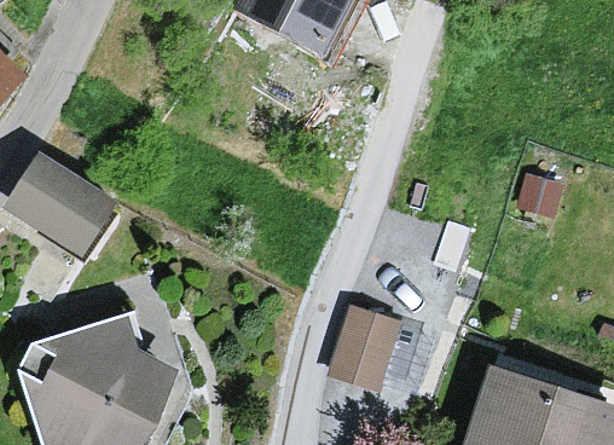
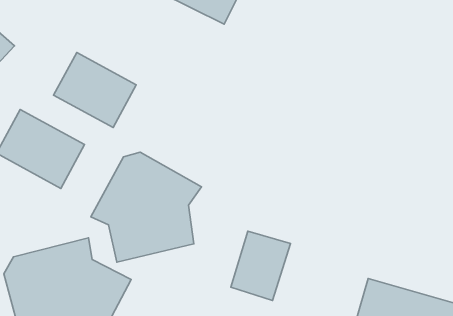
building: none -> [53,52,136,128]
building: none -> [91,152,202,262]

